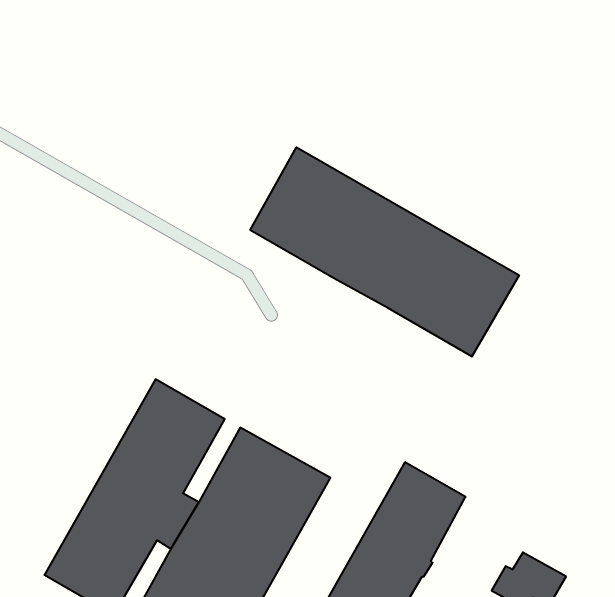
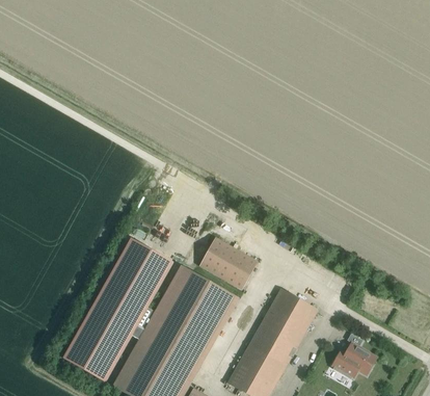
building: [250,147,519,357] -> none
building: none -> [199,237,257,289]

